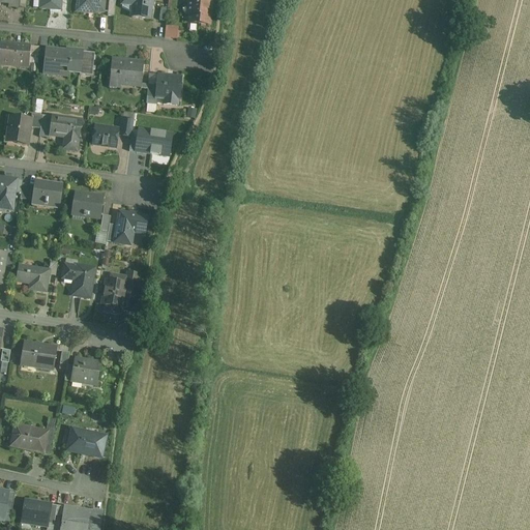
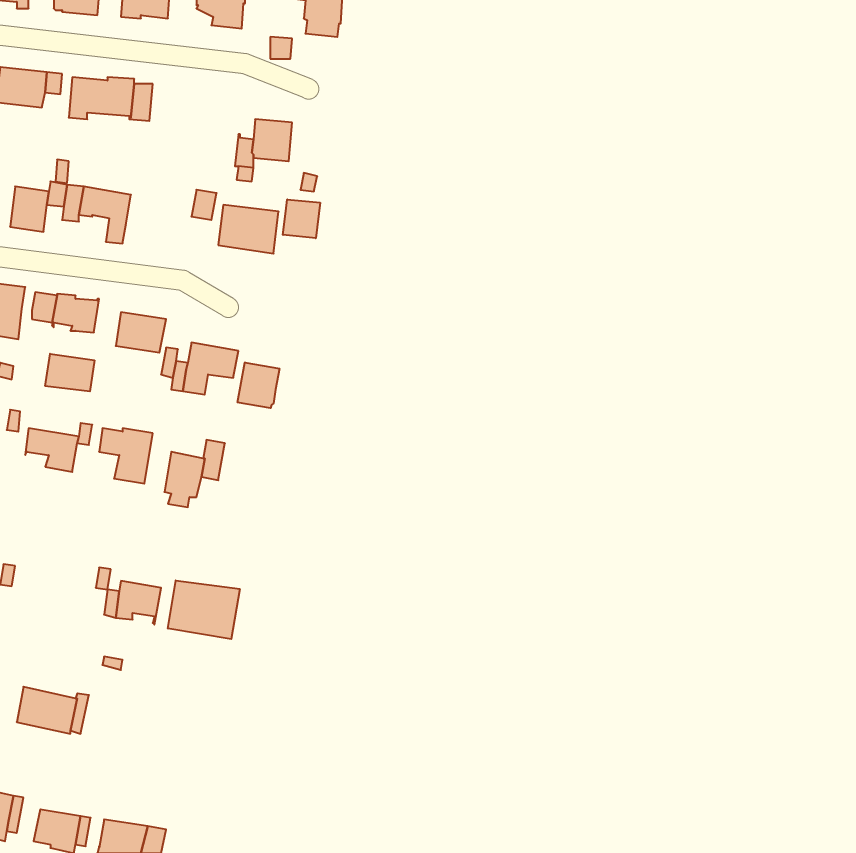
building: [109,56,143,87] -> none
building: none -> [283,199,320,238]
building: [91,124,118,146] -> none
building: none -> [45,354,94,391]
building: none -> [238,362,279,408]
building: [20,341,56,369] -> none
building: none -> [168,580,240,639]
building: [67,429,105,457] -> none

